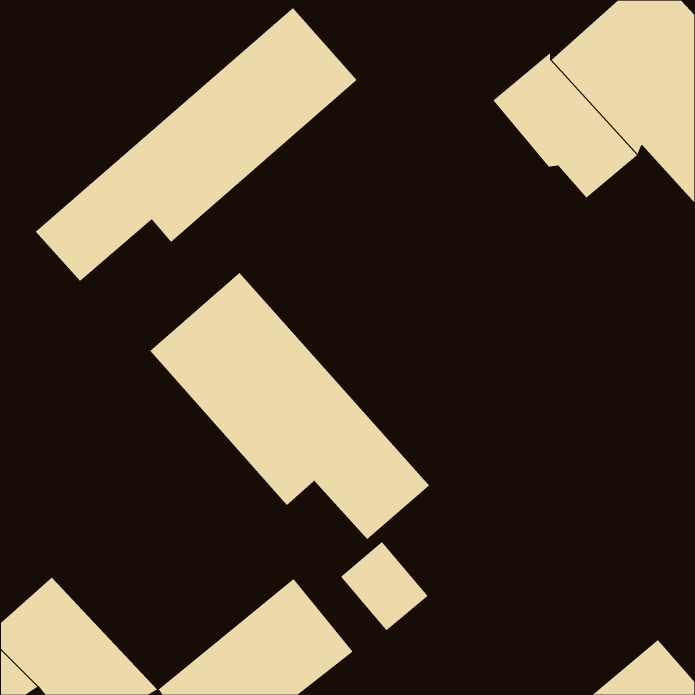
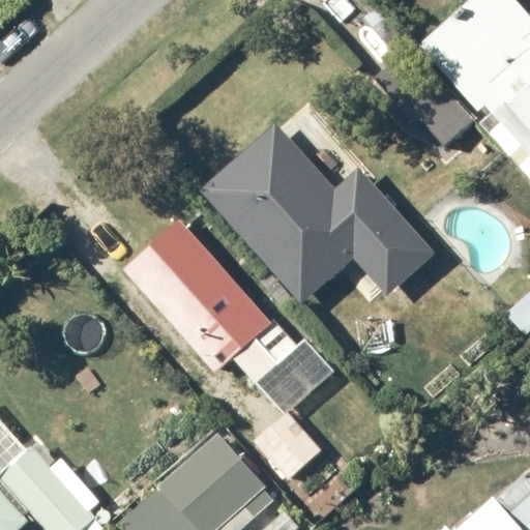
building: [35,7,358,282] -> none
building: none -> [200,121,464,321]

